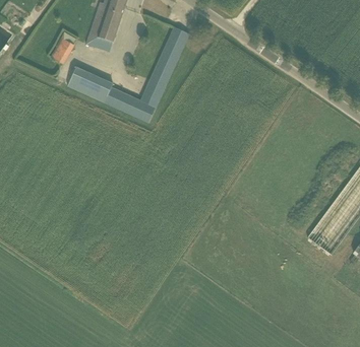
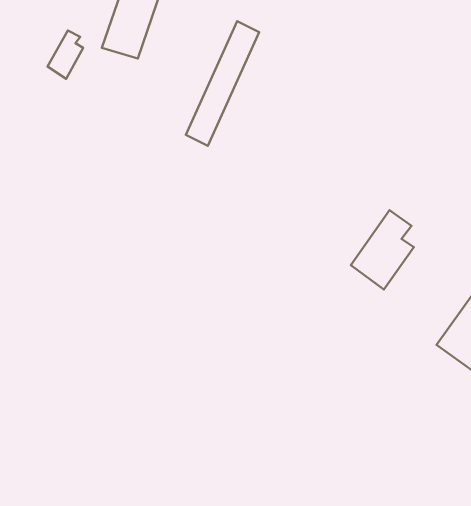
building: [68,66,156,122] -> none
building: none -> [351,210,414,290]

